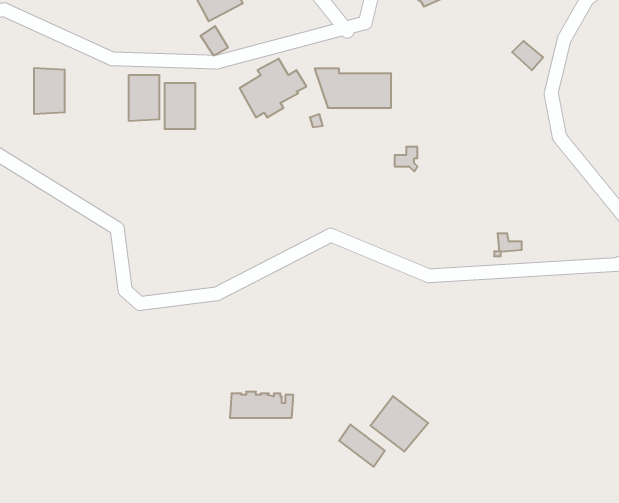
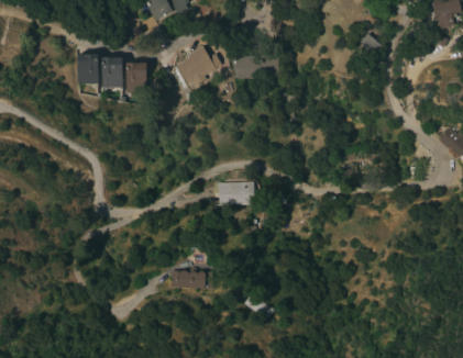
building: [34,68,65,114] -> [77,53,98,83]
building: none -> [214,181,254,204]
building: [370,396,428,452] -> none

